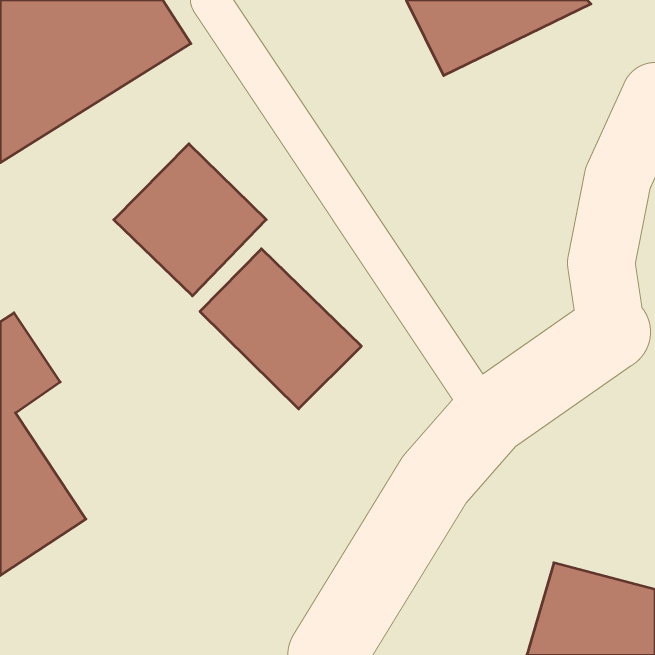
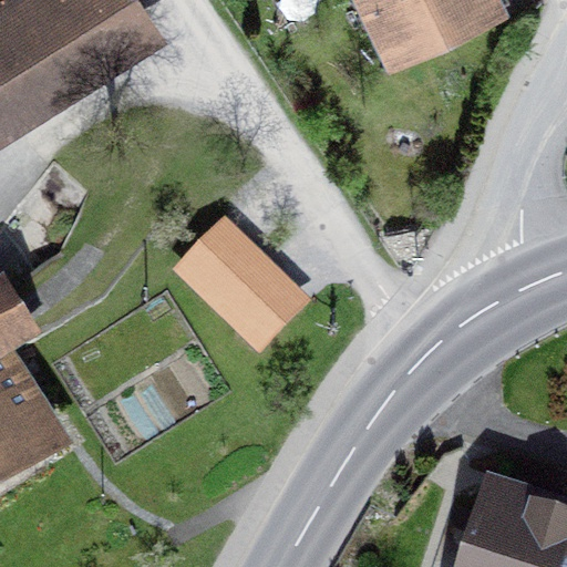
building: [114,144,266,296] -> none

